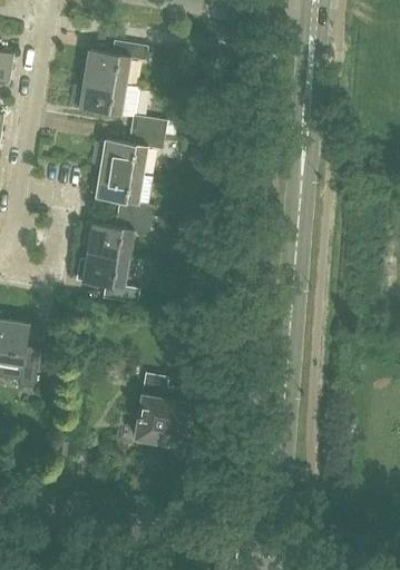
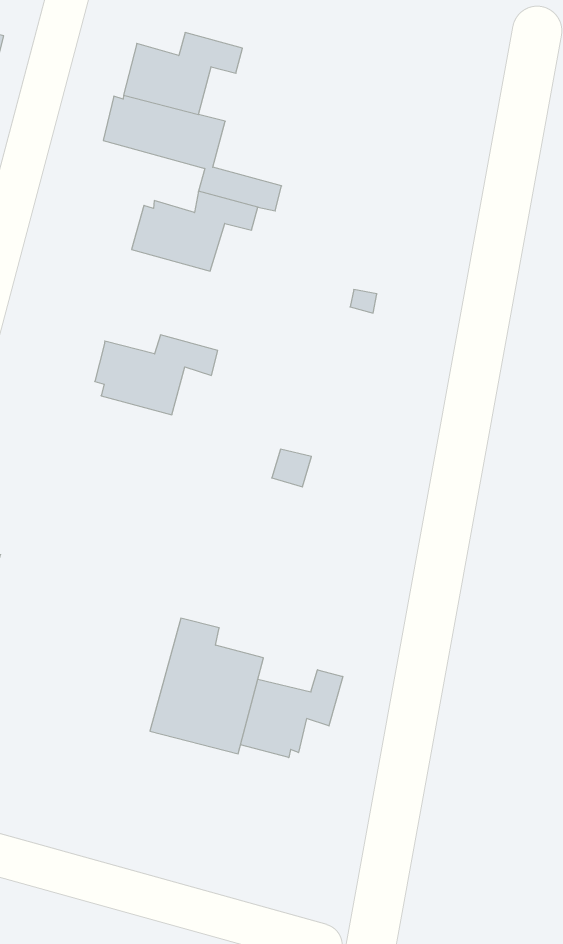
building: [91,168,153,220] -> none
building: [76,253,138,305] -> none
building: none -> [240,670,343,758]

